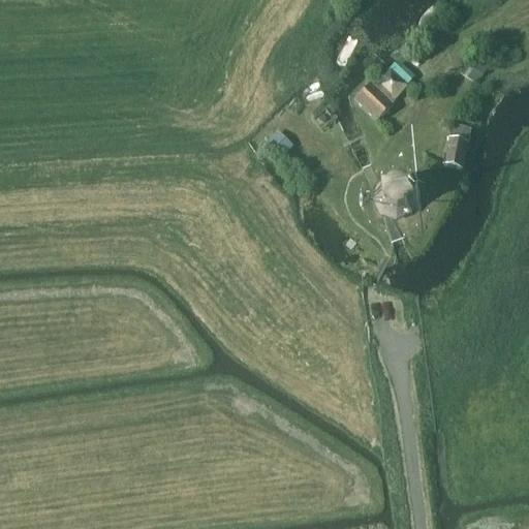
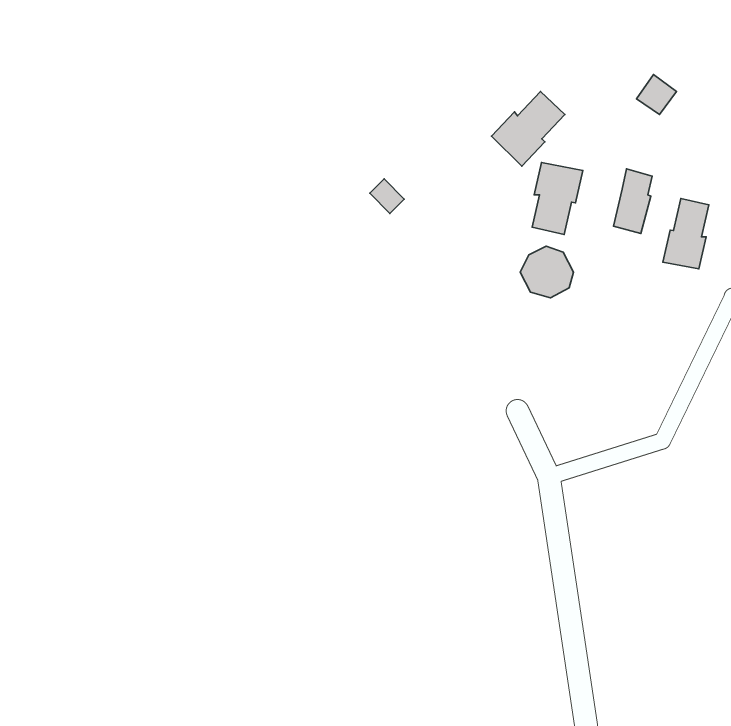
building: none -> [532,163,583,234]
building: none -> [663,198,709,269]

